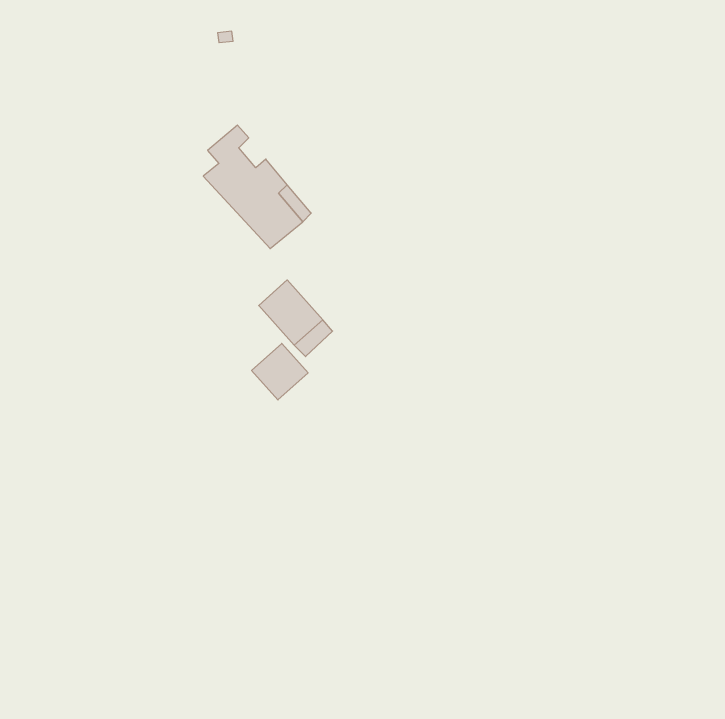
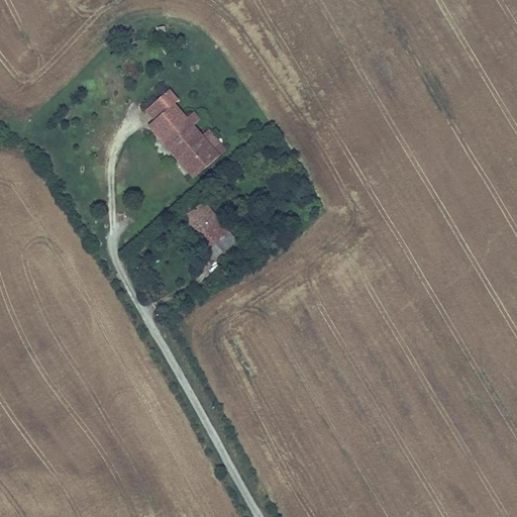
building: [252,343,308,400] -> none

